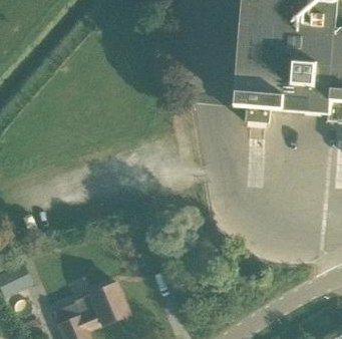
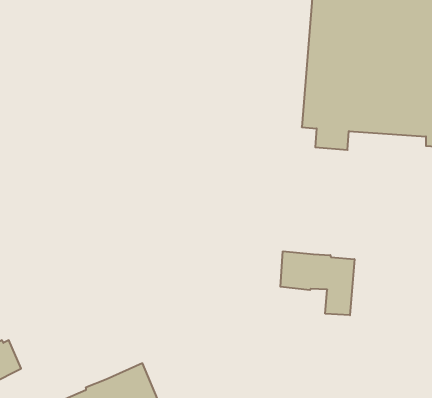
building: none -> [280,251,354,315]

